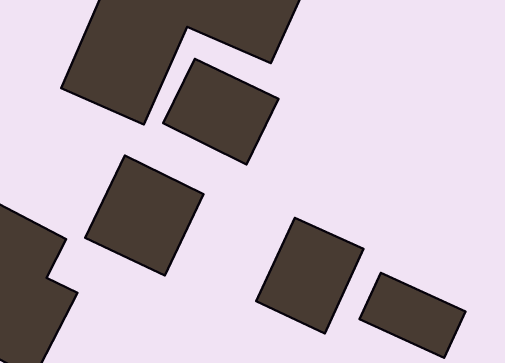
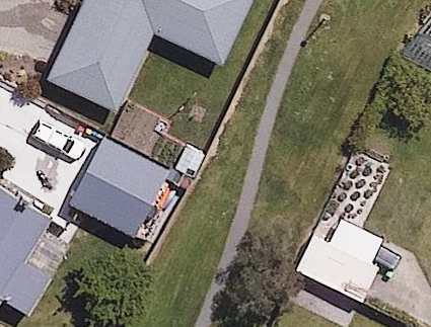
building: [163,59,278,165] -> none
building: [256,218,363,334] -> none

